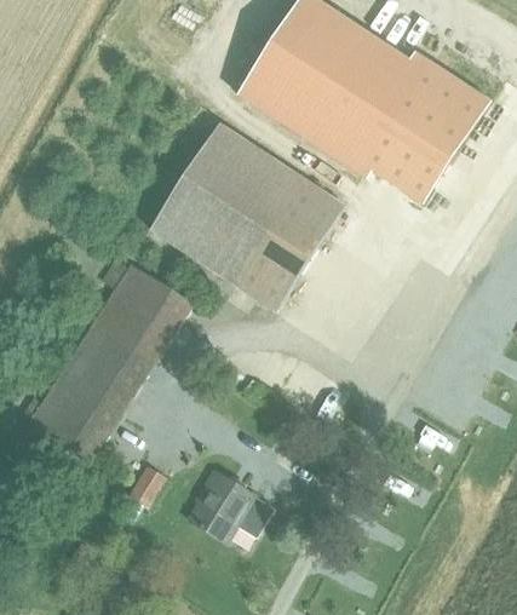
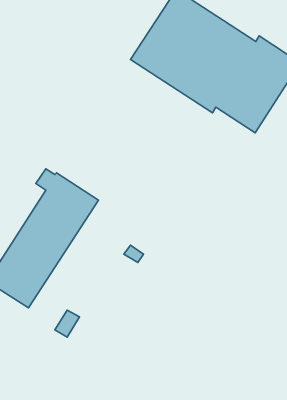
building: [150,127,339,309] -> none
building: [186,470,271,541] -> none

